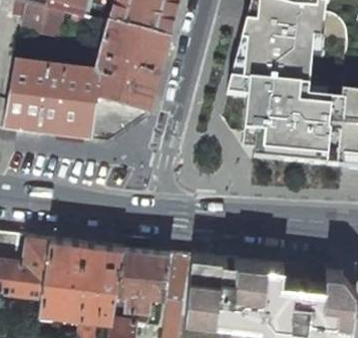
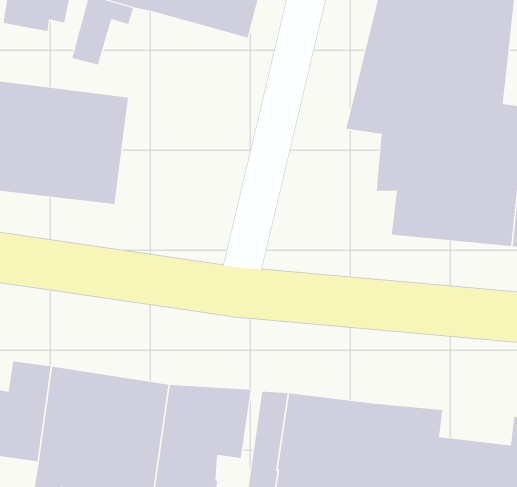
building: [88,24,167,142] -> none

